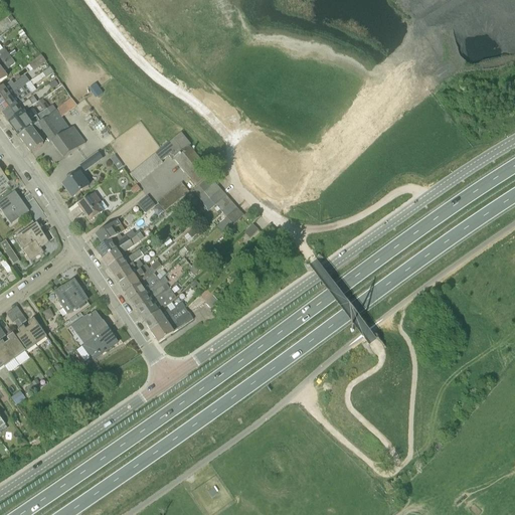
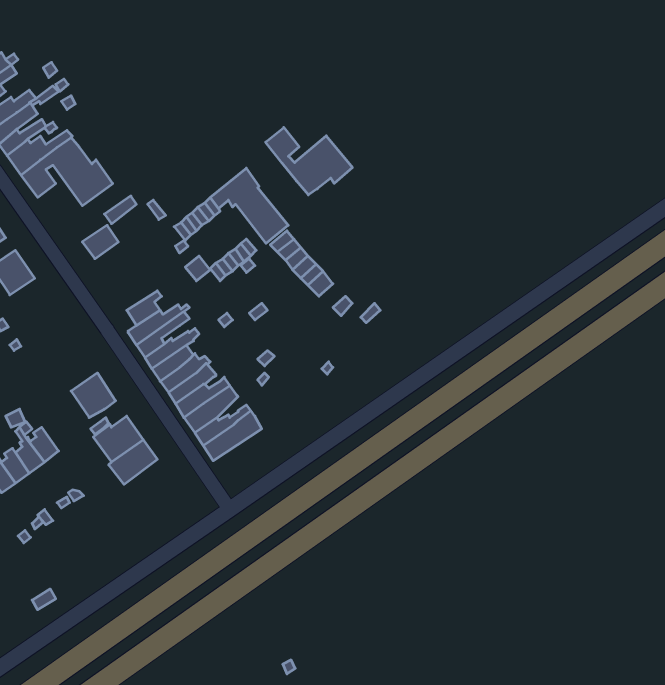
building: none -> [266,127,352,195]
building: [77,193,103,220] -> none
building: [15,221,47,260] -> none

